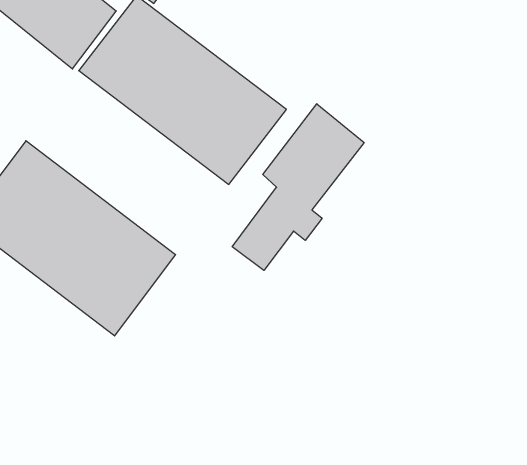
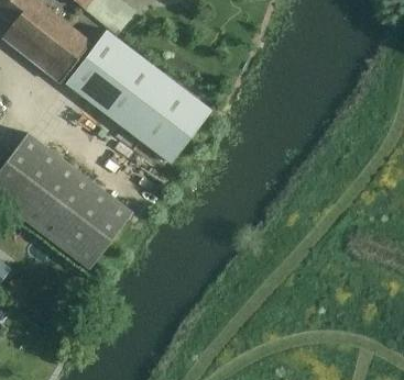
building: [232,104,364,270] -> none

